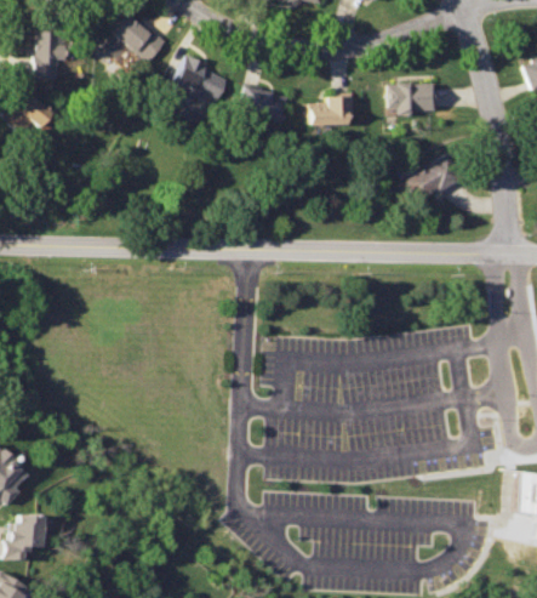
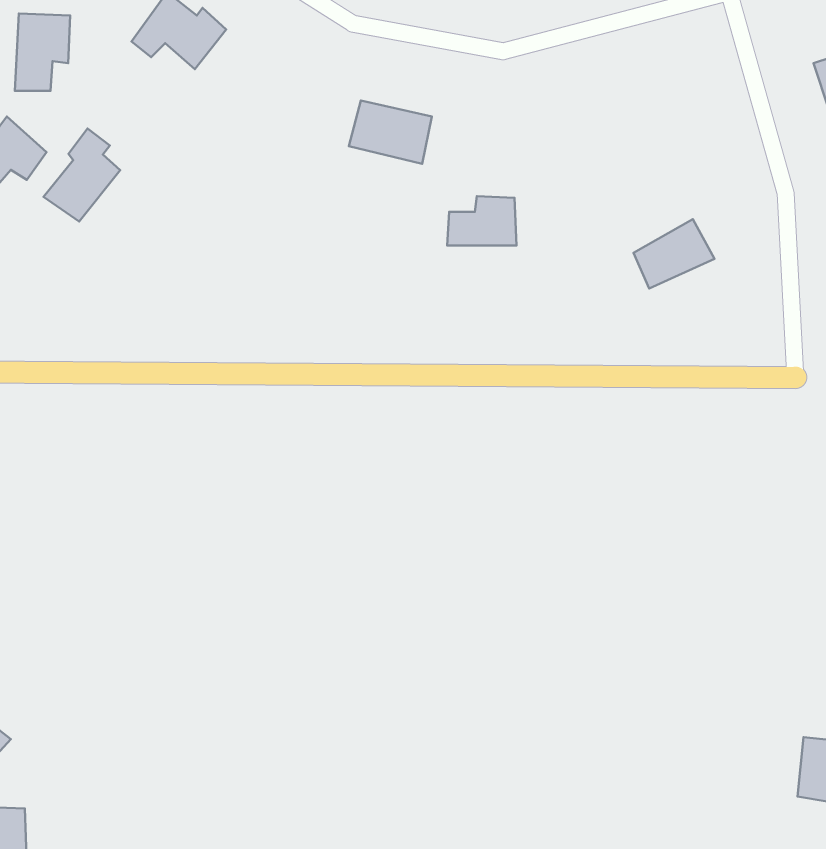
building: [177,57,232,103] -> none
building: [390,81,439,110] -> none
building: [310,96,353,126] -> [447,196,516,245]
building: none -> [43,129,120,221]

